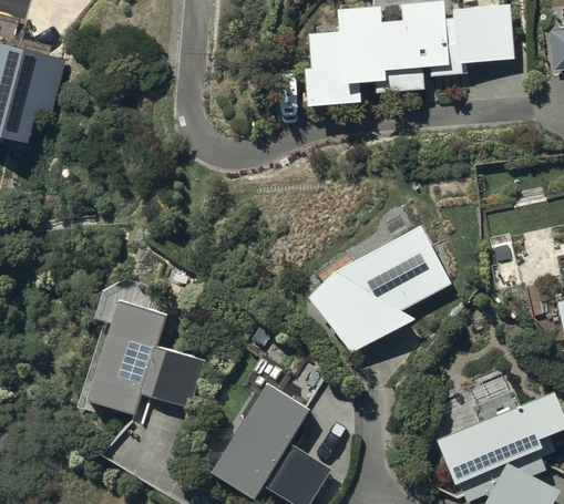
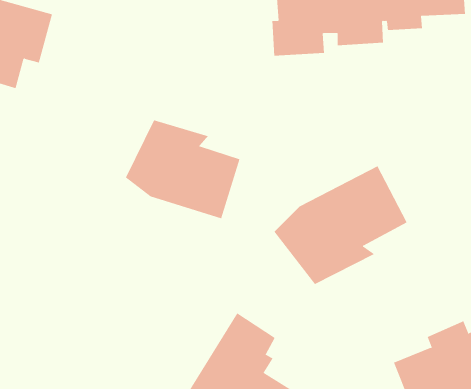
building: none -> [125,119,240,219]
building: [86,278,206,409] -> none

